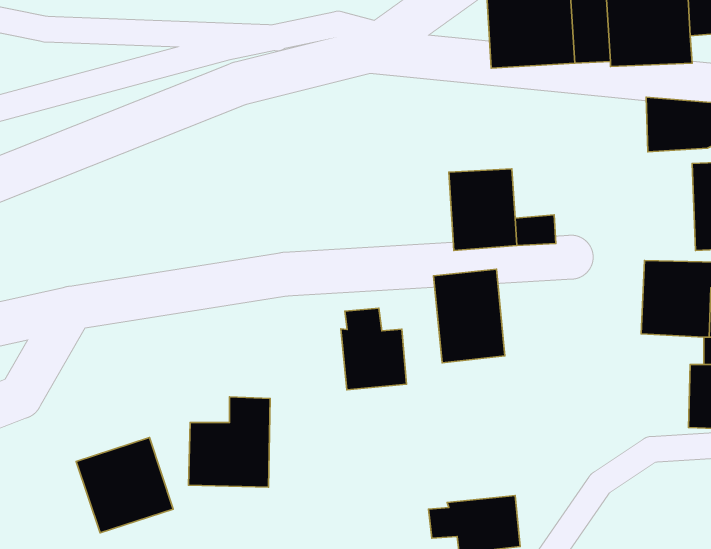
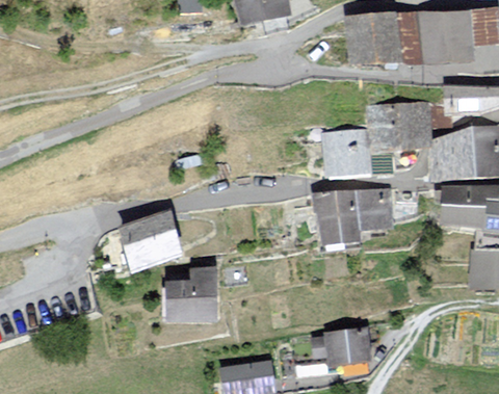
building: none -> [370,101,429,153]
building: none -> [434,125,476,180]
building: none -> [354,186,392,232]
building: [341,308,406,390] -> none
building: [76,438,173,533] -> [120,213,179,271]

